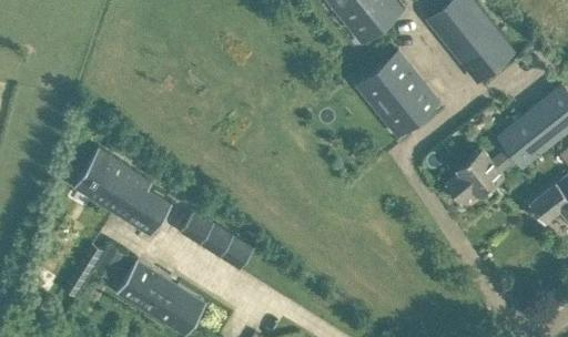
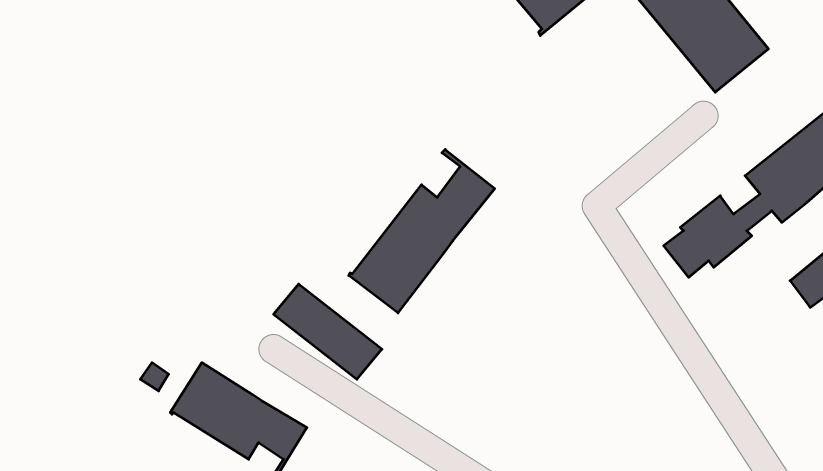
building: [364,52,438,129] -> none
building: none -> [349,149,495,313]
building: [72,149,174,237] -> none

